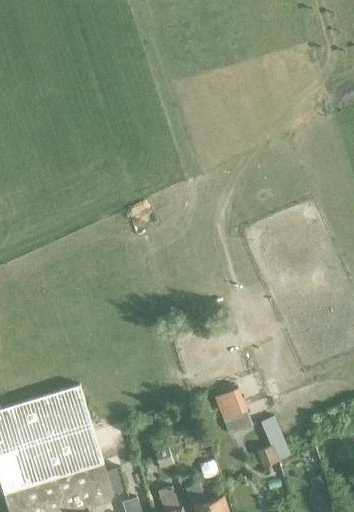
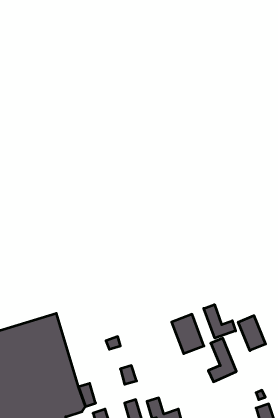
building: none -> [204,305,236,338]
building: none -> [238,316,266,351]

